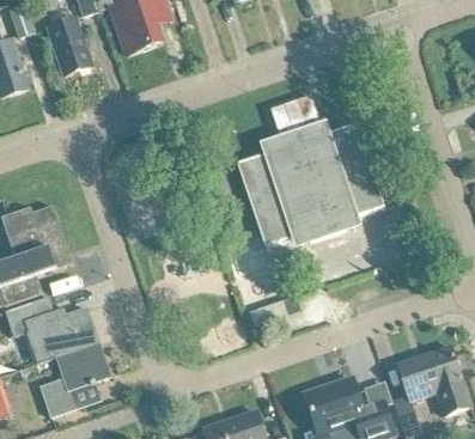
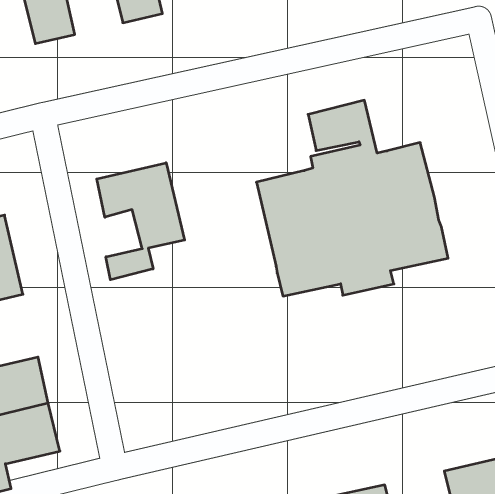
building: none -> [97,163,185,280]

